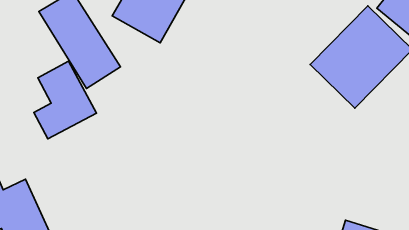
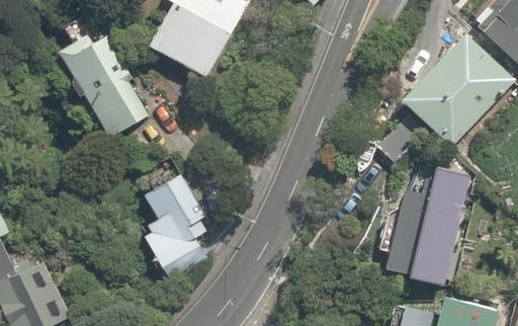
building: [34,61,96,139] -> [140,169,217,264]
building: none -> [380,170,466,291]

